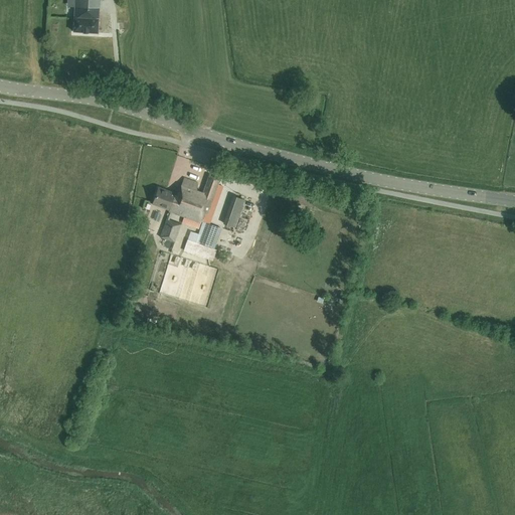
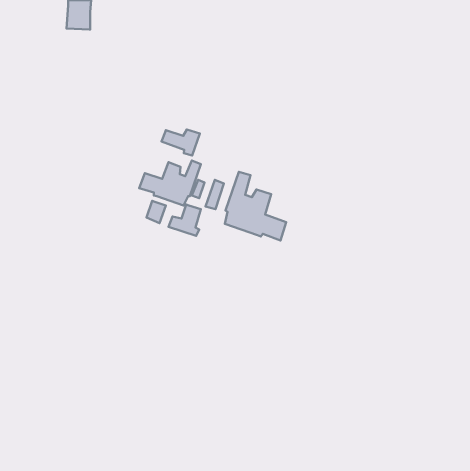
building: none -> [161,129,200,156]
building: none -> [225,172,286,240]

